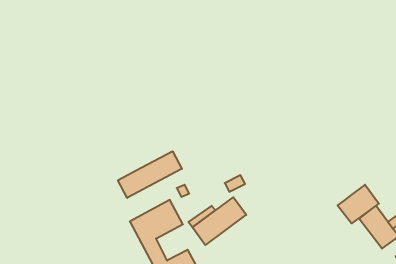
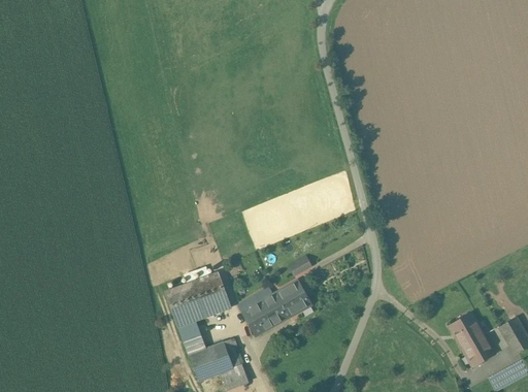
building: [118,151,182,198] -> none
building: [338,185,379,223] -> none

